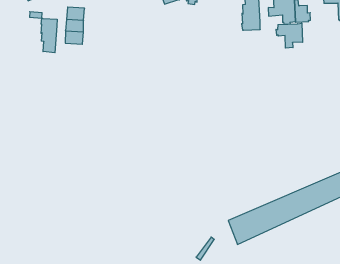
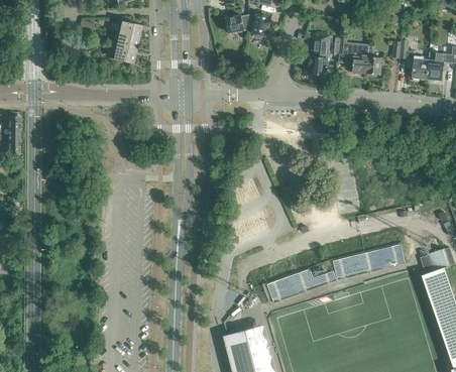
building: [41,18,57,53] -> none
building: [276,23,303,48] -> none

